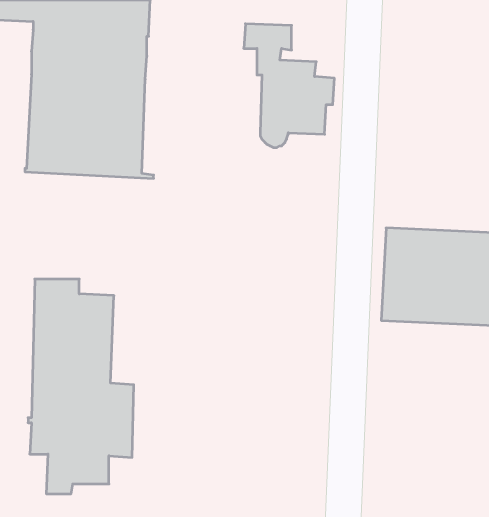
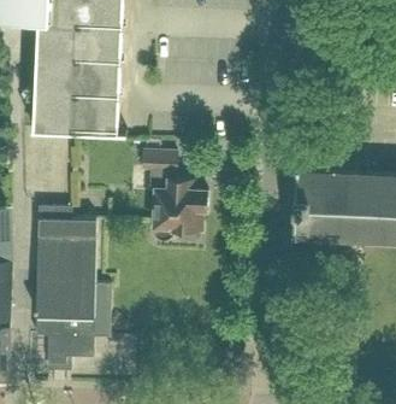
building: [244,24,334,148] -> [141,152,207,242]

